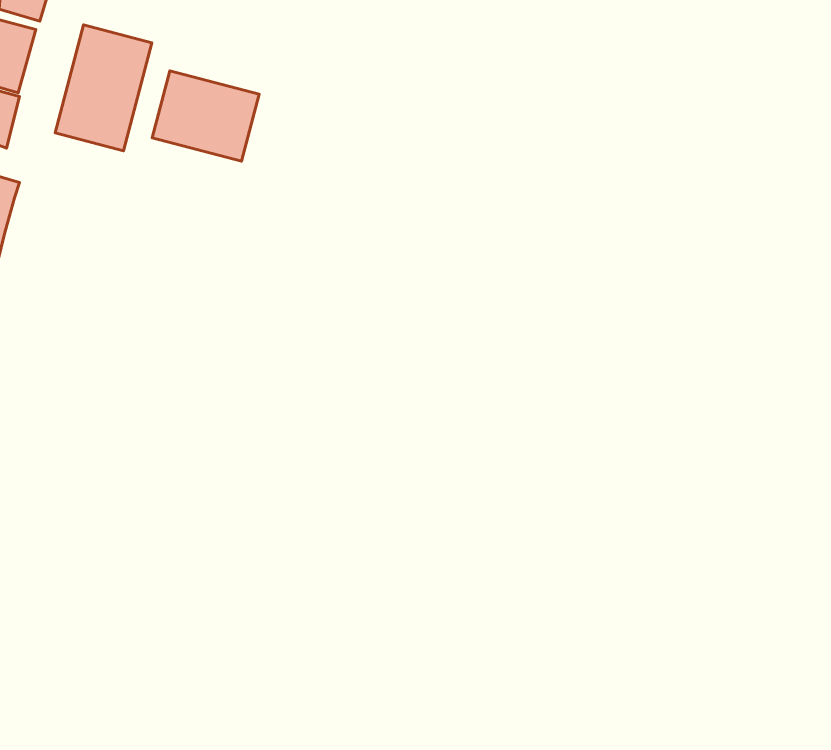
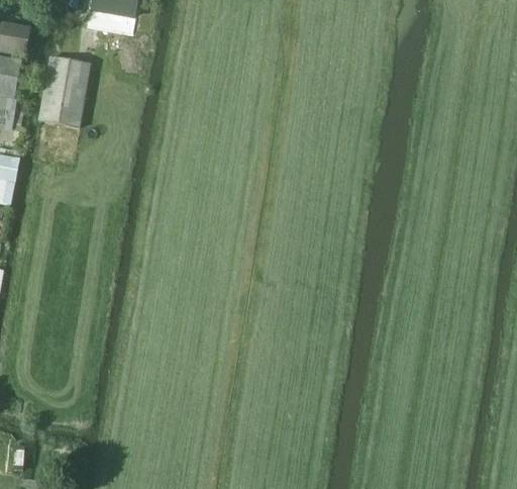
building: [152,71,259,161] -> none

